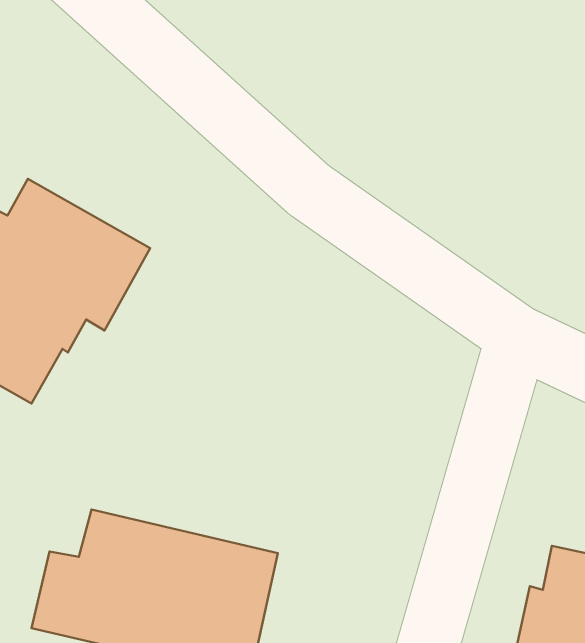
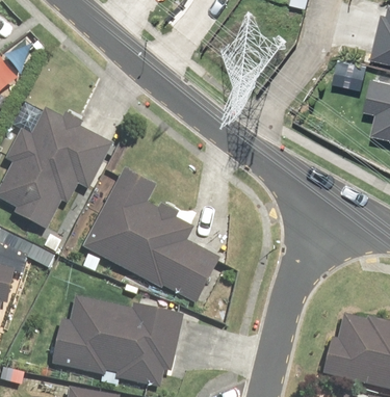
building: none -> [81,168,217,305]

